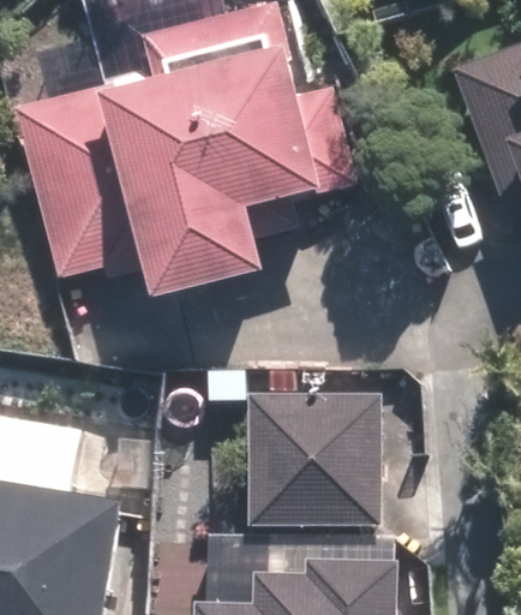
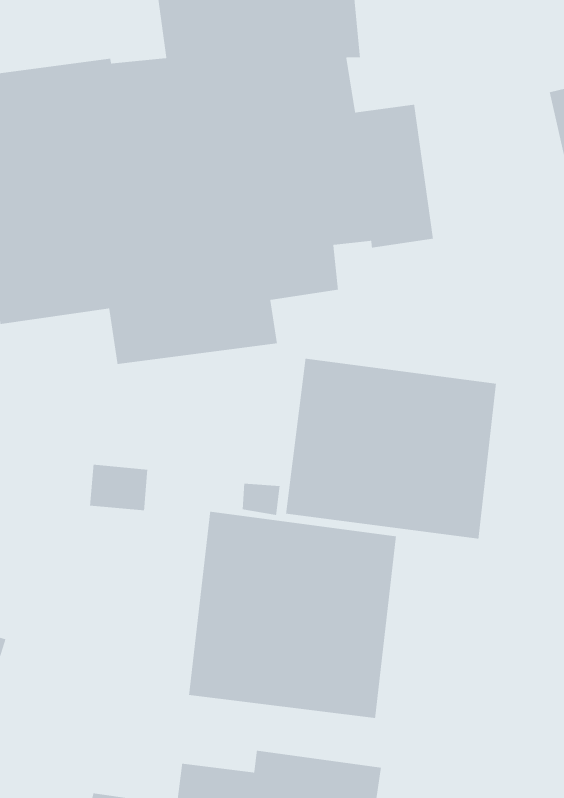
building: none -> [285,358,497,540]

